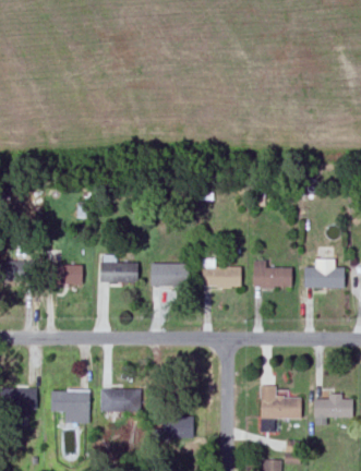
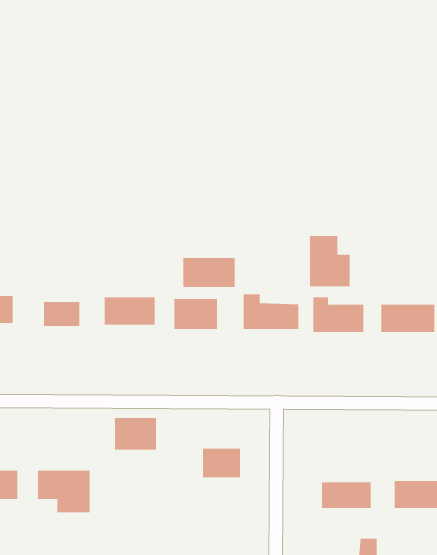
building: none -> [310,235,350,287]
building: none -> [183,257,235,288]
building: [103,389,134,413] -> [114,418,157,450]
building: [165,416,193,438] -> [202,448,241,478]

